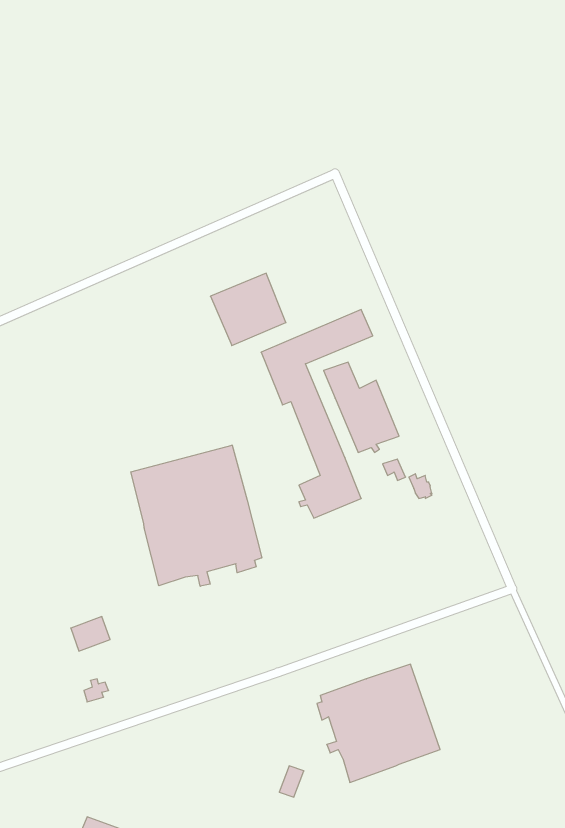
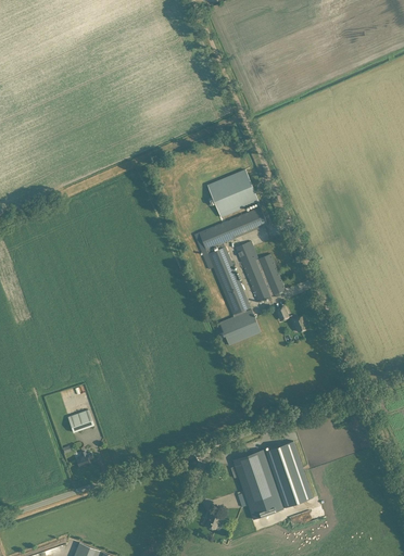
building: [210,273,286,346] -> [207,169,257,217]
building: [131,445,262,586] -> none

